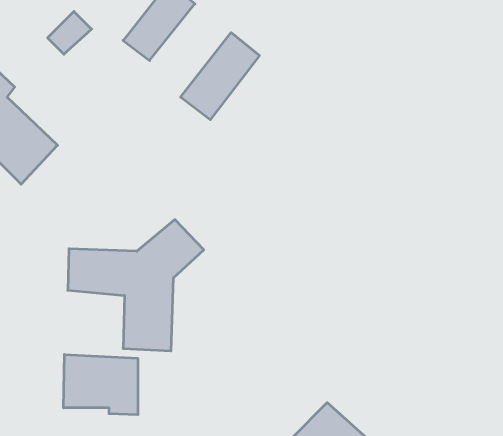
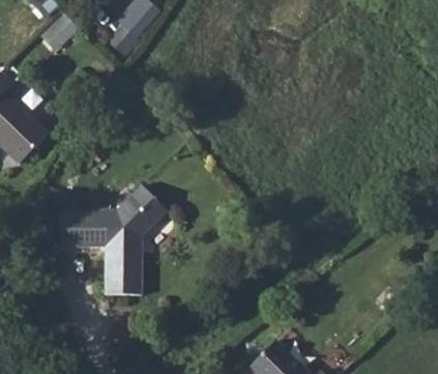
building: [181,33,259,120] -> none
building: [64,354,138,415] -> none

